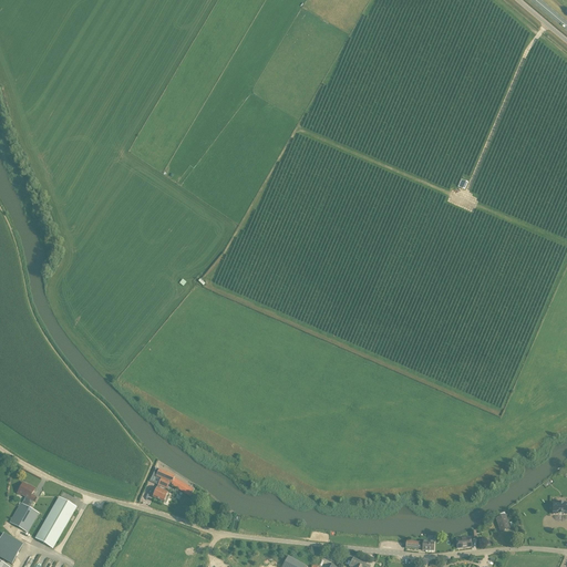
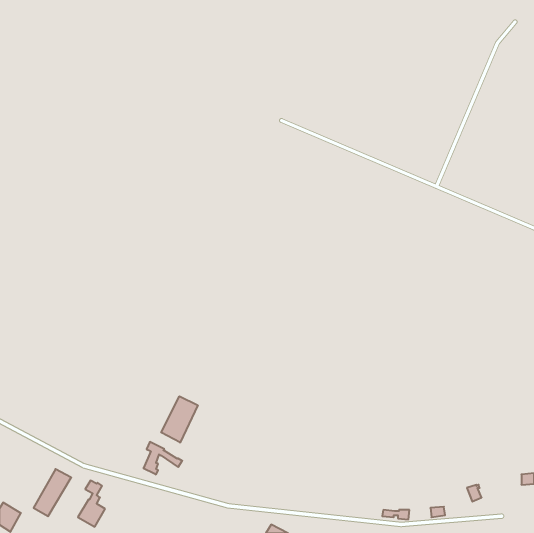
building: none -> [161,396,198,443]
building: [9,482,38,530] -> [78,481,105,527]

